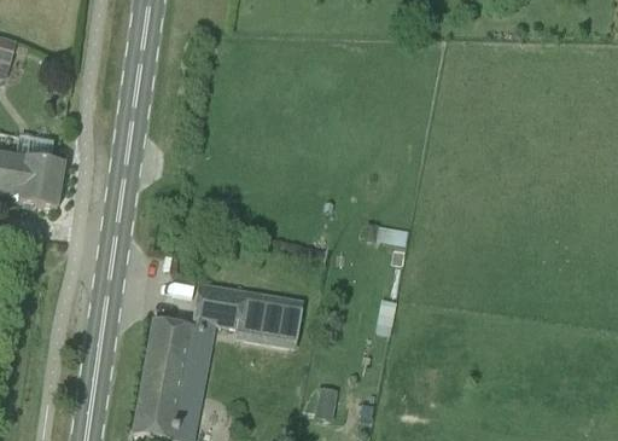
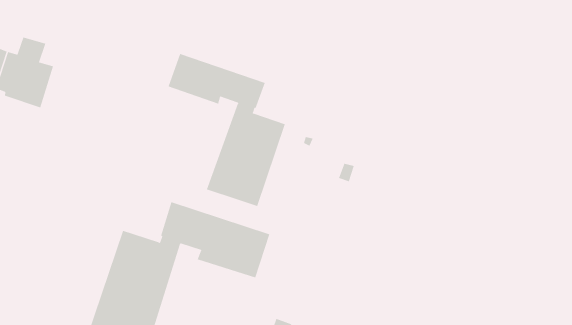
building: none -> [168,53,285,207]

